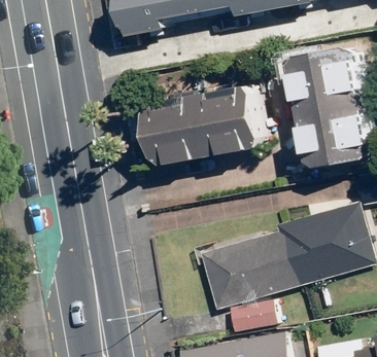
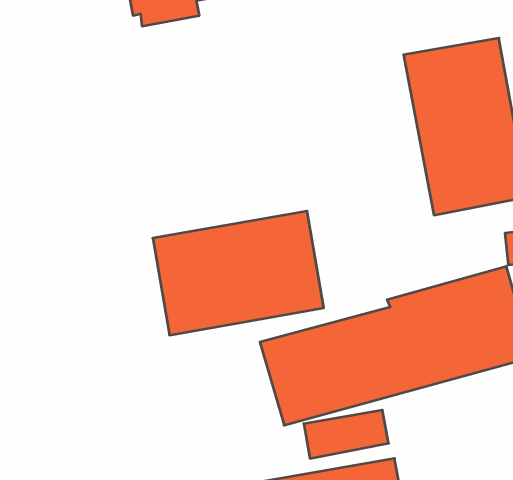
building: [147,82,264,167] -> [153,211,324,335]

